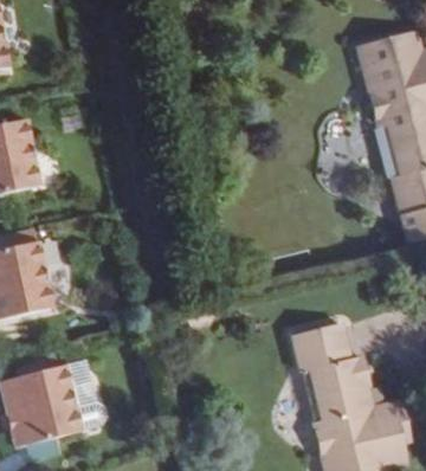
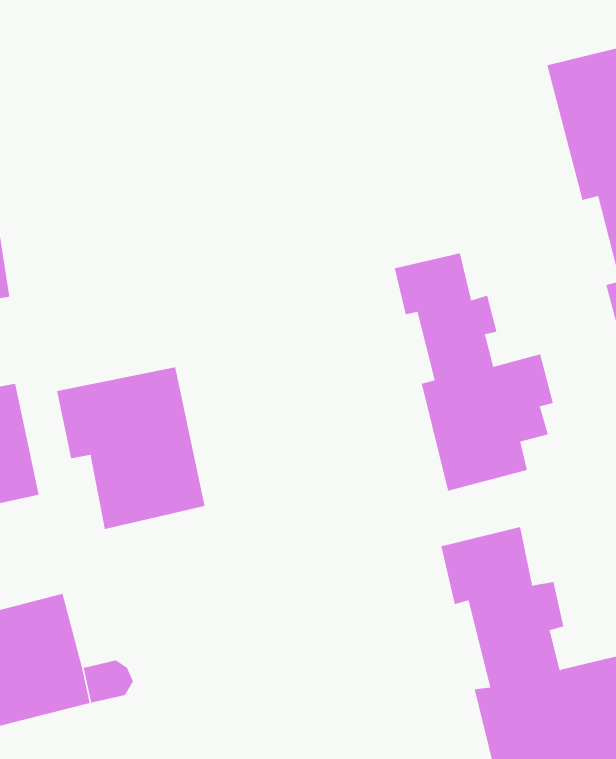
building: none -> [394,252,554,491]
building: none -> [57,366,205,530]

